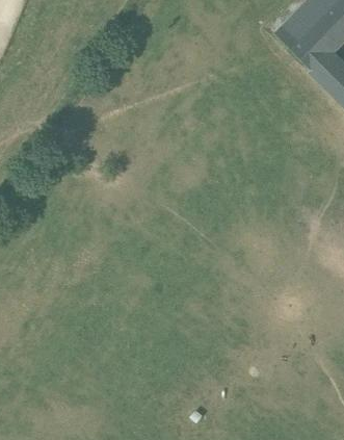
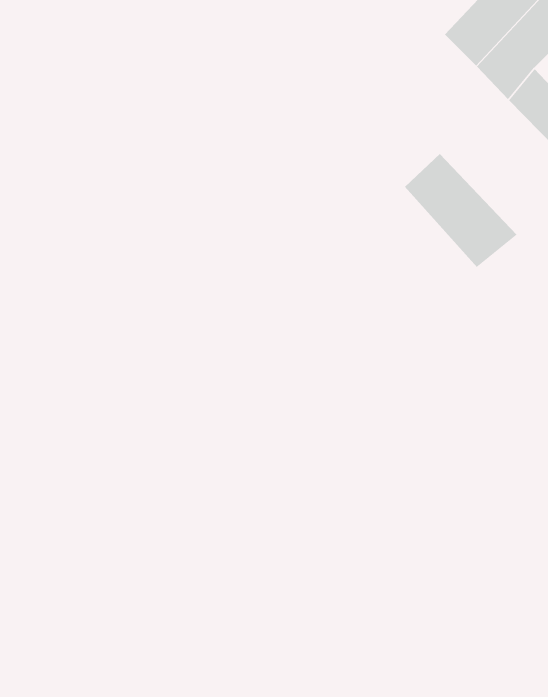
building: none -> [404,153,517,268]

